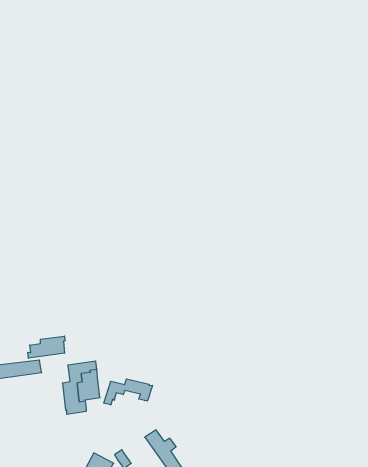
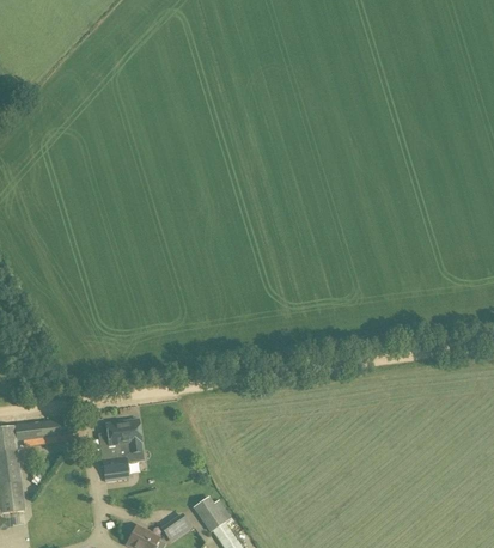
building: [28,336,65,358] -> none
building: [104,379,152,405] -> none

